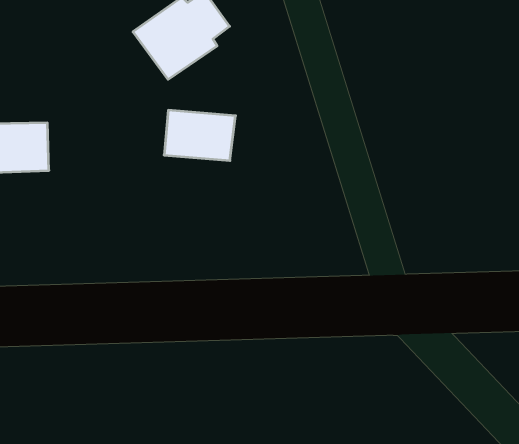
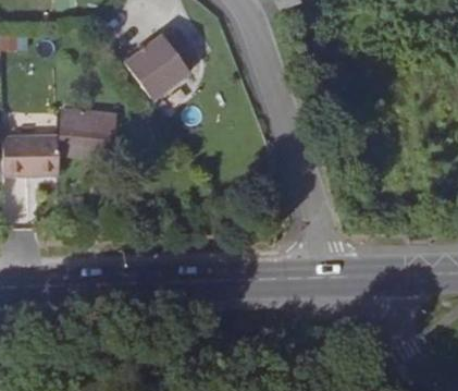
building: [164,110,236,161] -> [60,110,115,149]

